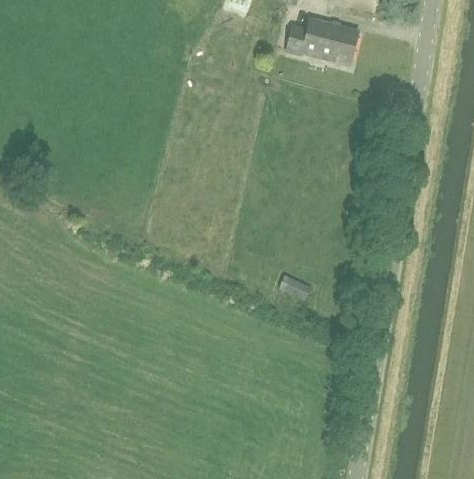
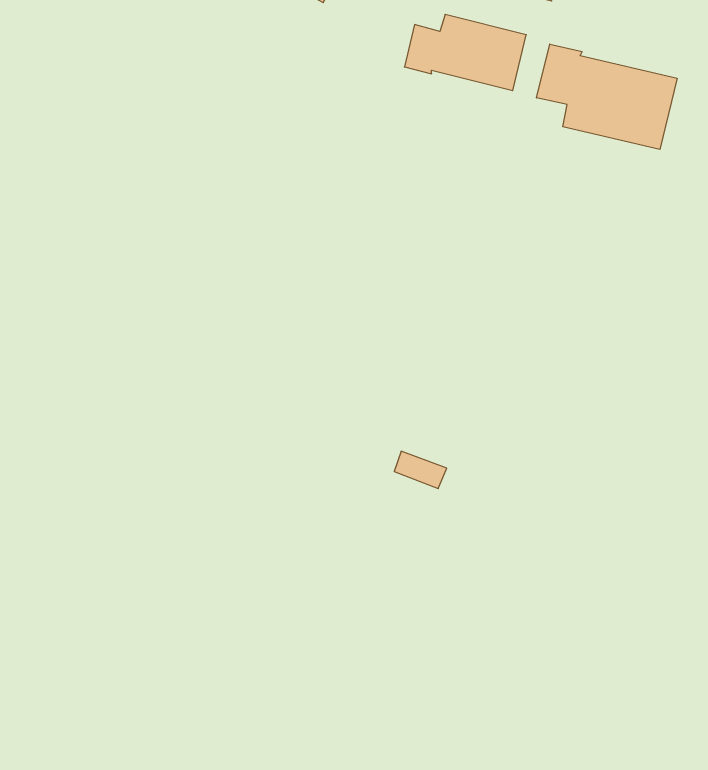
building: none -> [537,44,677,149]

